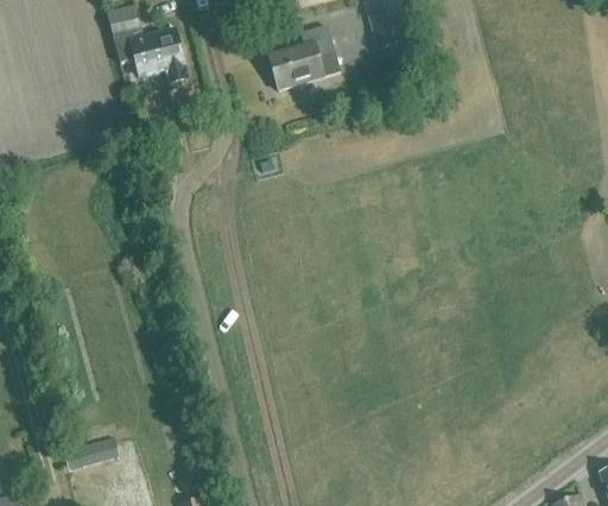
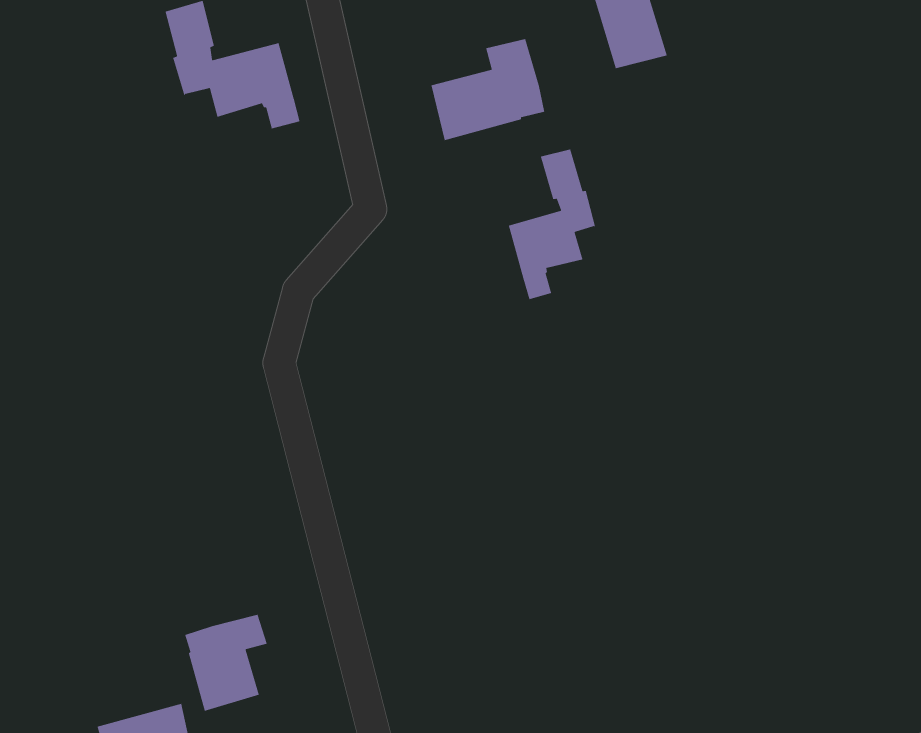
building: none -> [508,148,596,300]
building: none -> [184,614,268,712]

